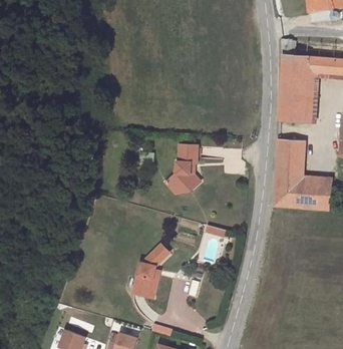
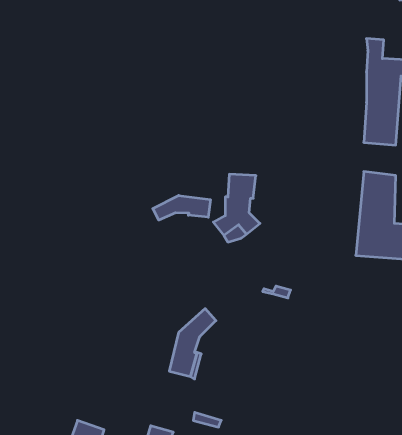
building: none -> [153,195,210,220]

